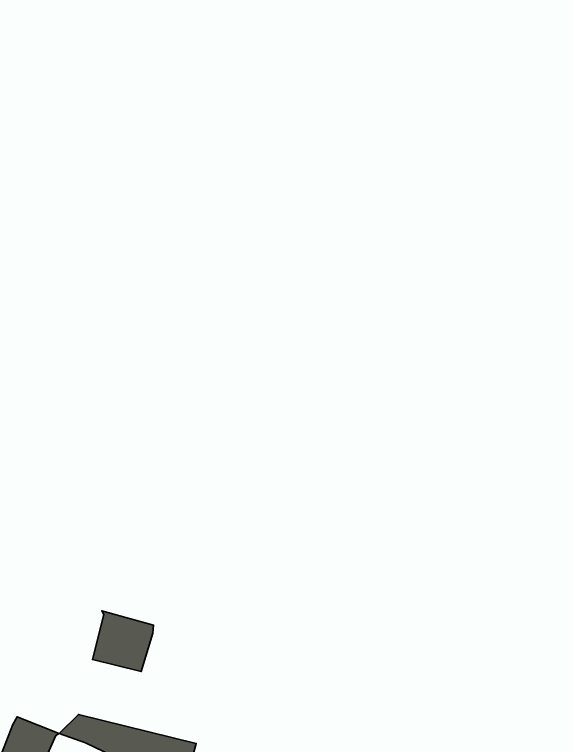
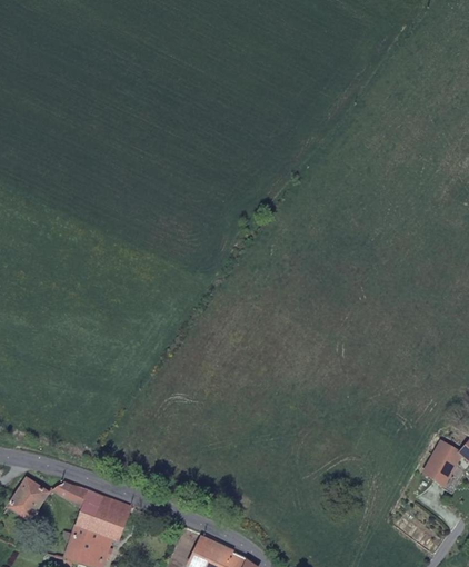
building: [93,611,154,672] -> none

